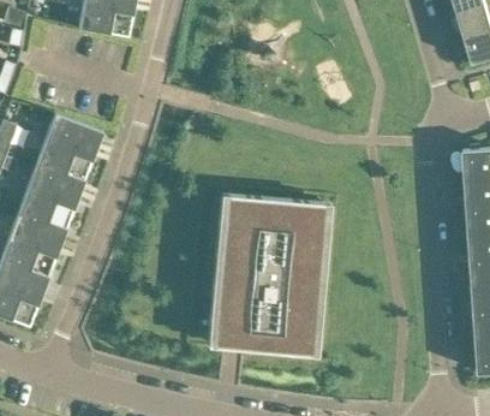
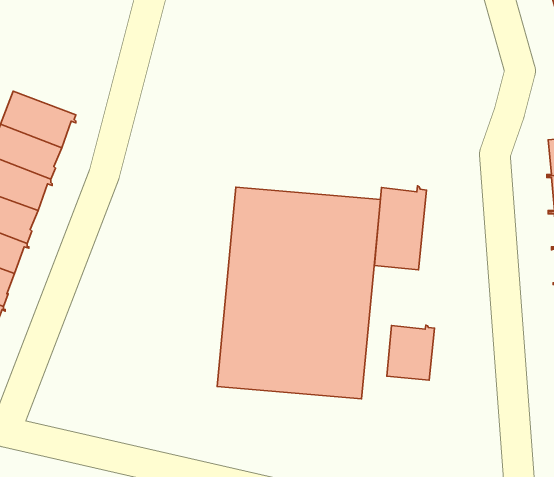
building: none -> [374,186,426,270]
building: none -> [387,325,434,380]

